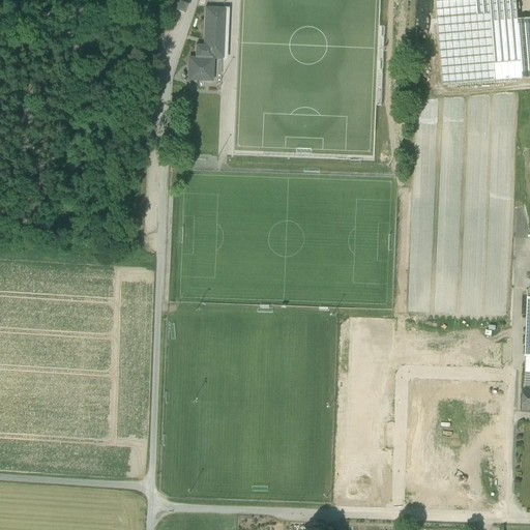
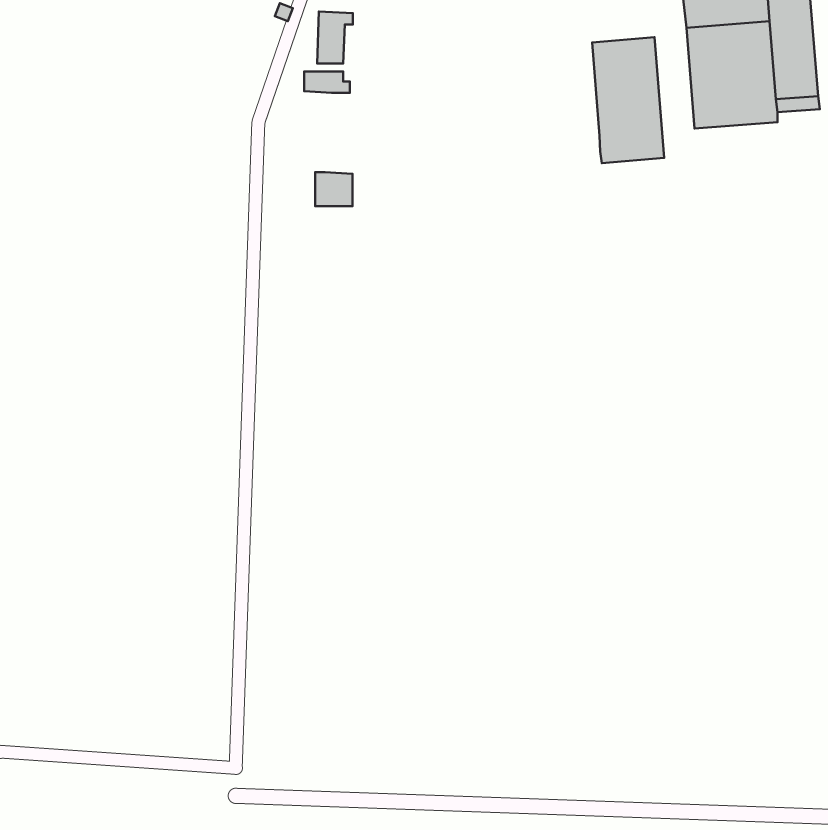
building: none -> [592,37,664,163]
building: [189,58,213,80] -> [315,172,353,206]

